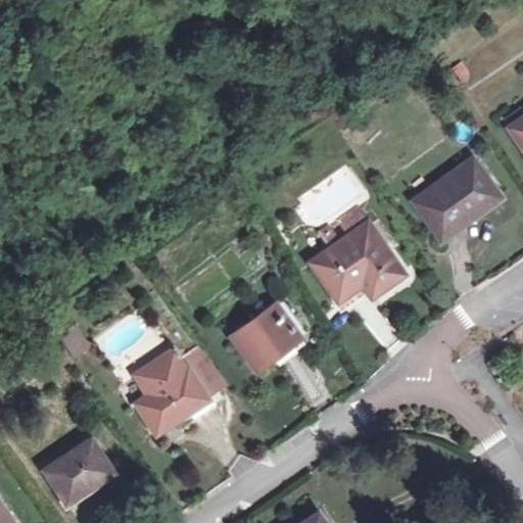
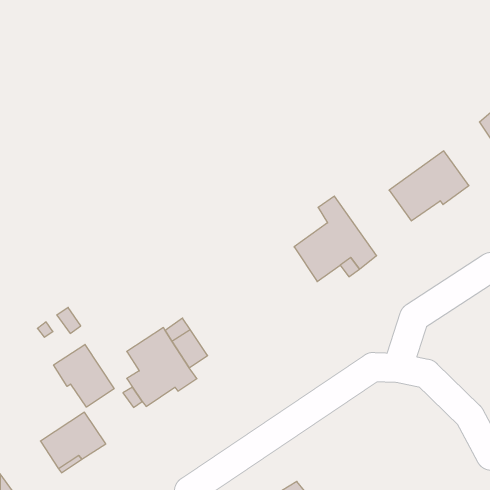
building: [232,306,301,372] -> none
building: none -> [54,344,114,407]

